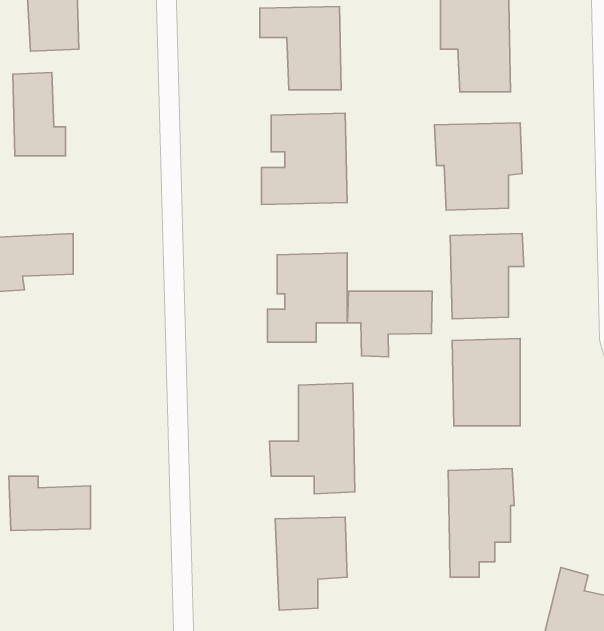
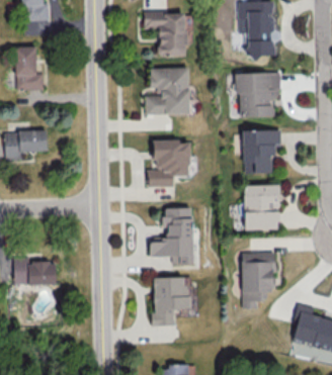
building: [347,291,432,357] -> none

